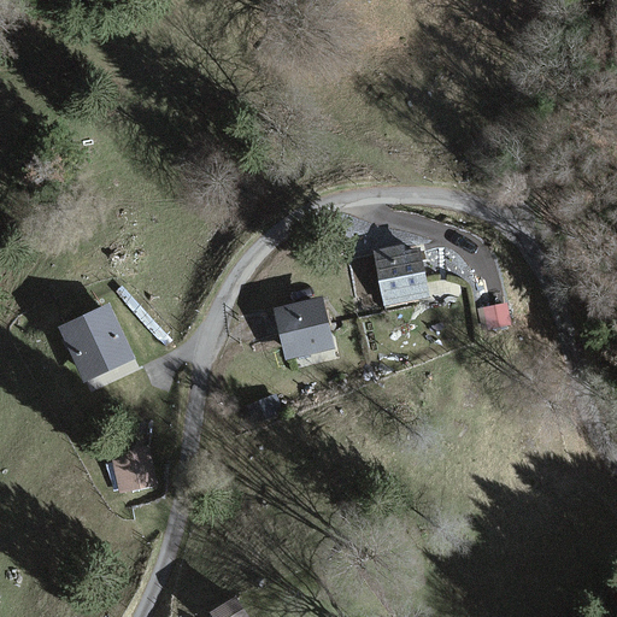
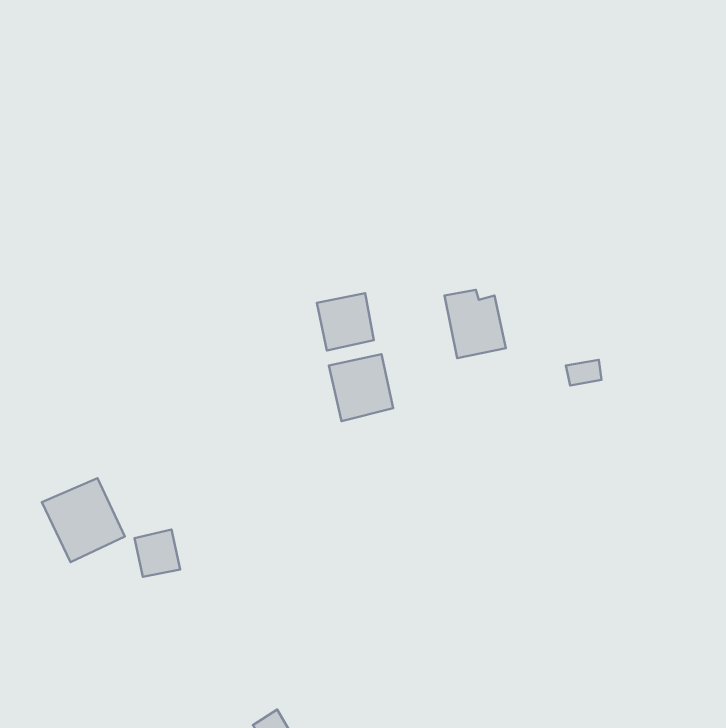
building: none -> [317,293,374,350]
building: [60,307,130,378] -> [42,478,125,562]

